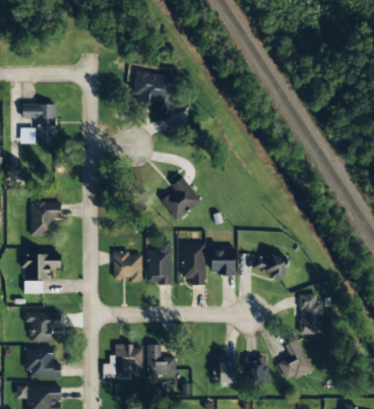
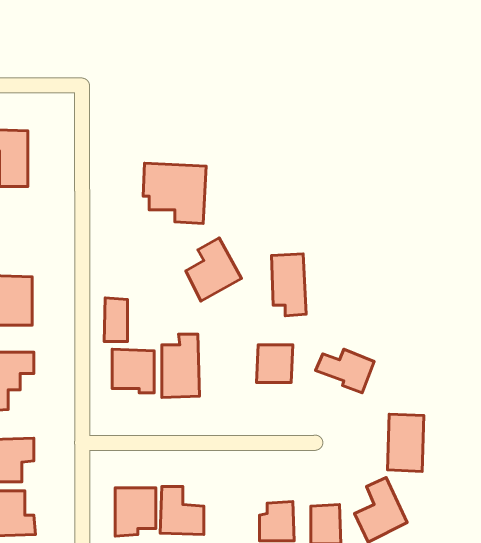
building: [134,73,177,114] -> [143,163,206,223]
building: none -> [104,298,127,342]
building: [182,244,205,286] -> [272,254,306,316]

